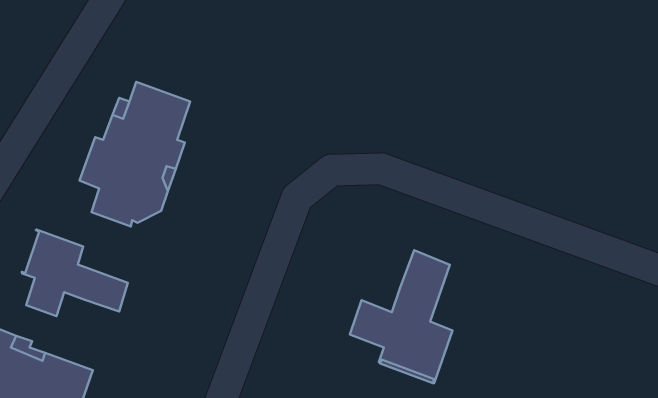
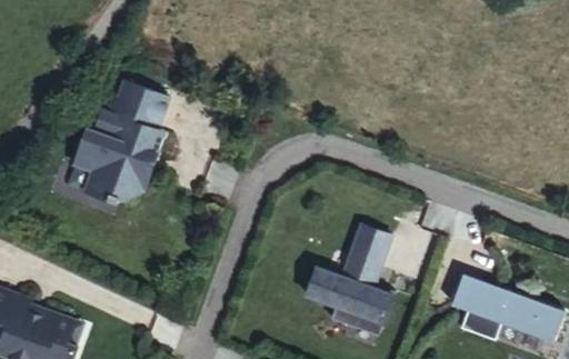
building: [22,230,128,316] -> none
building: none -> [449,272,557,337]

